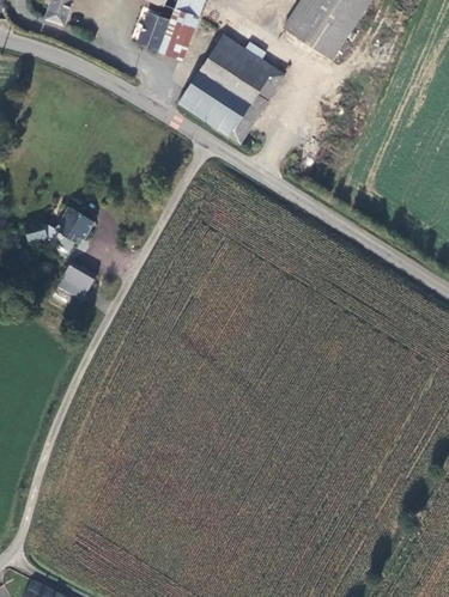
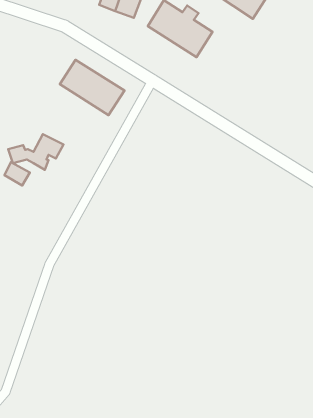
building: [180,69,262,140] -> [60,60,124,115]
building: [60,262,92,292] -> [4,162,30,185]

